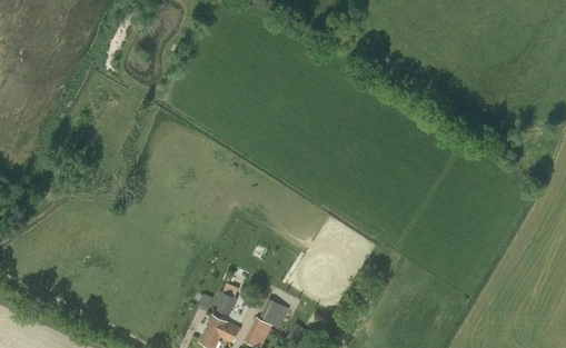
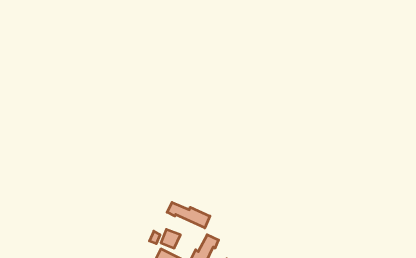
building: none -> [167,202,210,228]

